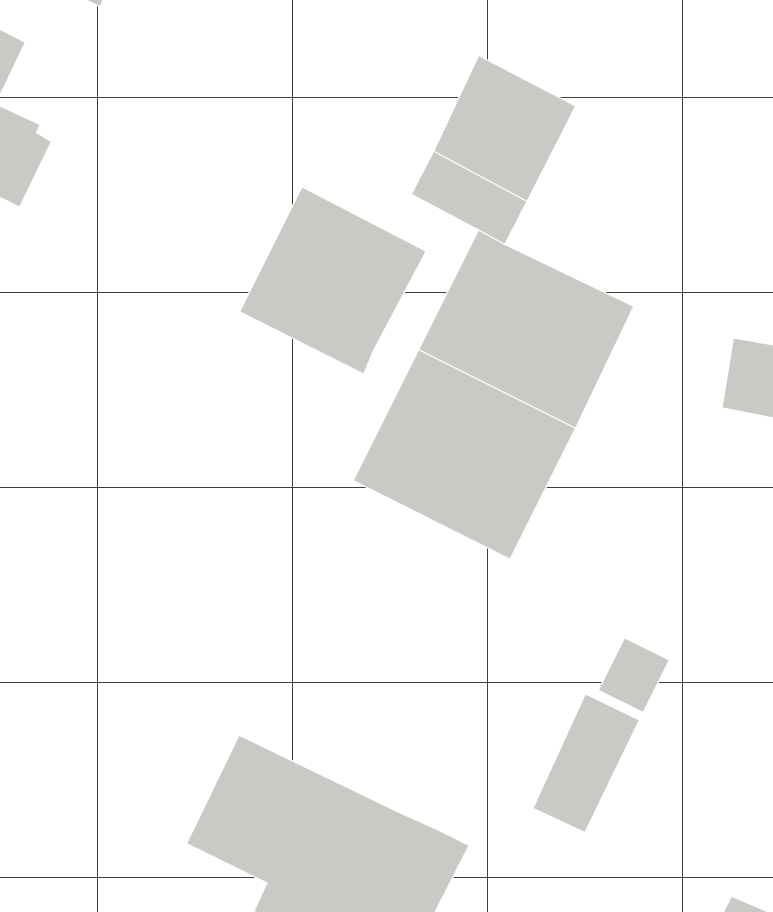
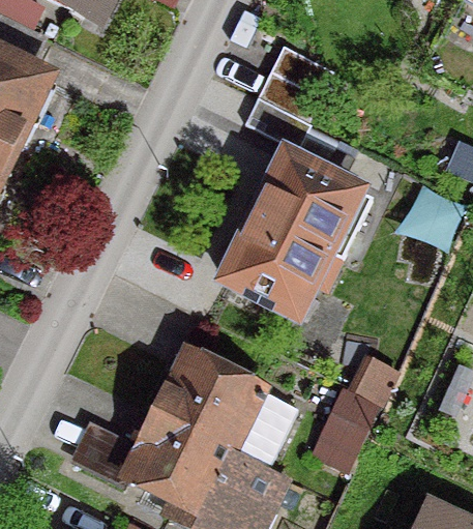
building: [240,187,426,374] -> none
building: none -> [152,356,292,470]

